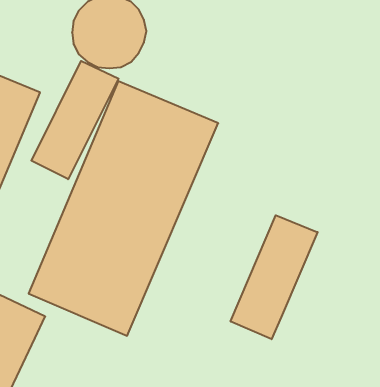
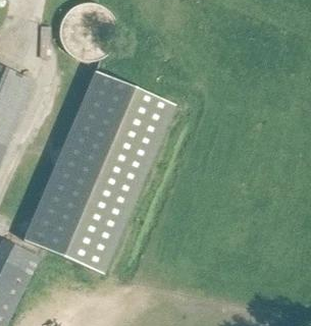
building: [31,61,119,179] -> none
building: [231,215,318,339] -> none

